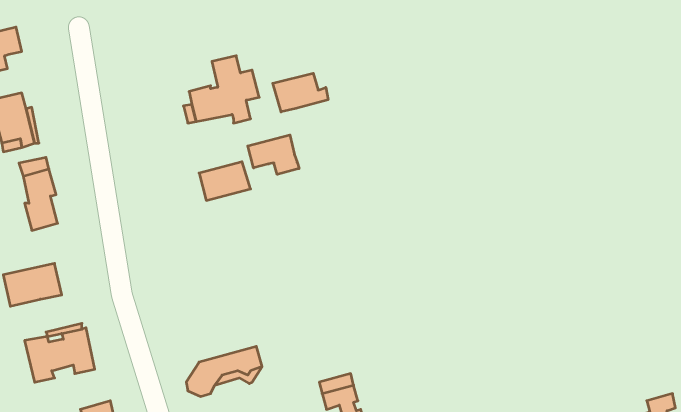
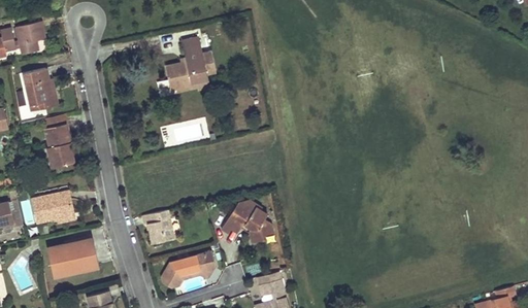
building: [273,73,328,112] -> none
building: [248,135,299,174] -> none
building: none -> [220,200,272,244]
building: none -> [143,209,175,244]

